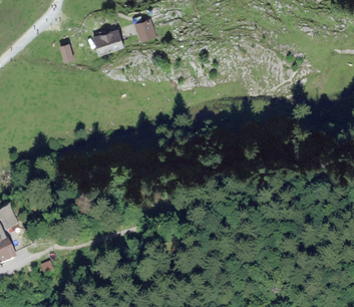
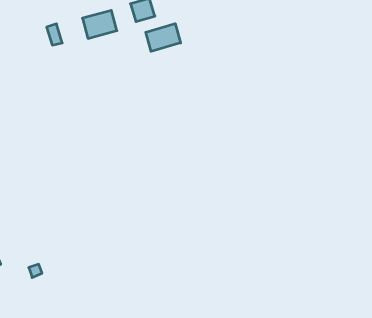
building: none -> [146,24,181,51]

